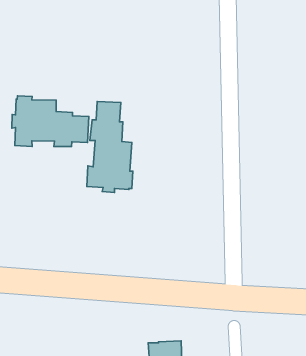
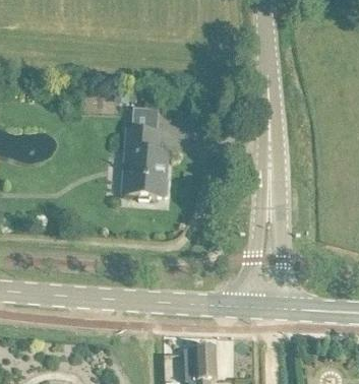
building: [12,96,89,147] -> none

